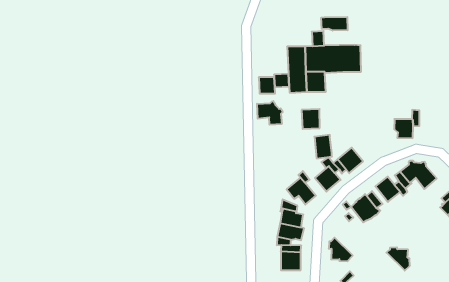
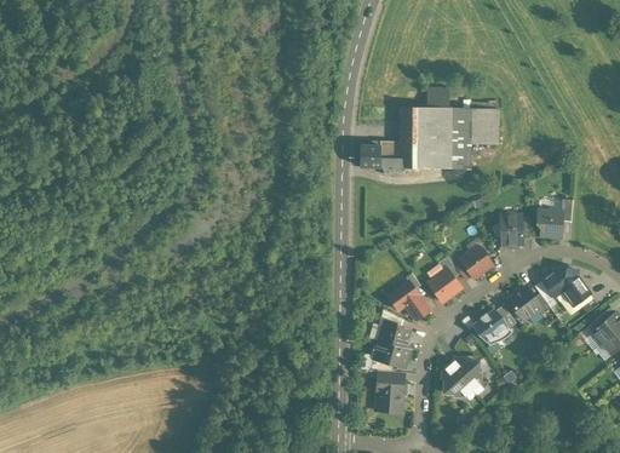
building: [321,17,348,31] -> none
building: [257,101,283,125] -> none
building: [302,109,320,129] -> [448,143,472,168]
building: [314,135,332,158] -> [500,214,522,245]
building: [386,247,410,271] -> [449,357,480,389]

